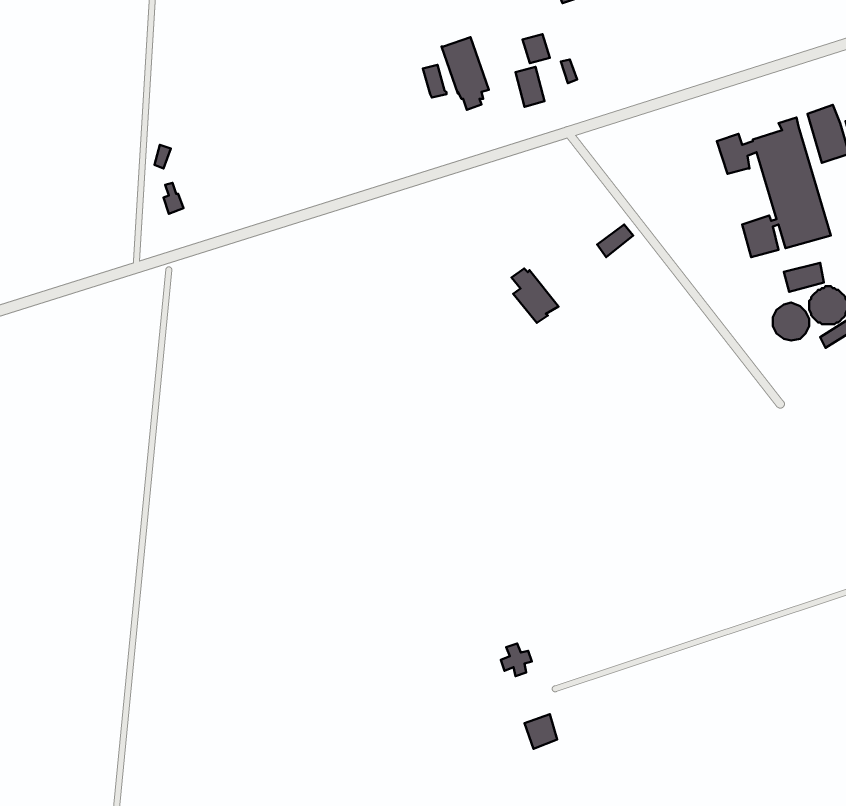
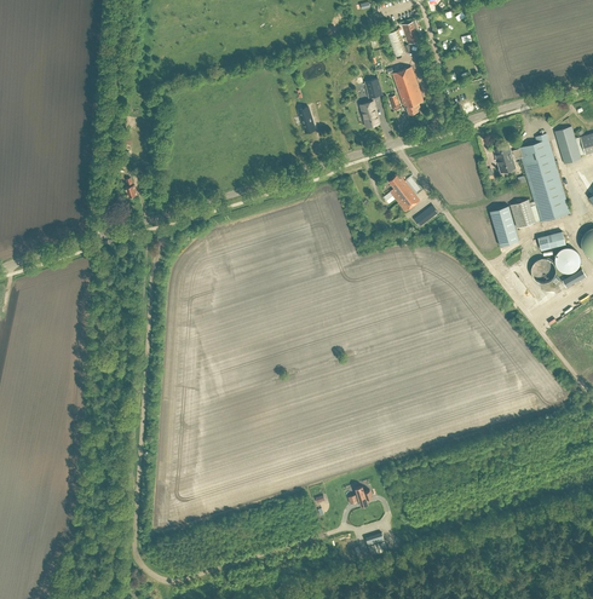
building: [442,37,489,110] -> [392,67,424,115]
building: none -> [490,206,519,247]
building: [511,269,559,323] -> [388,175,420,212]

